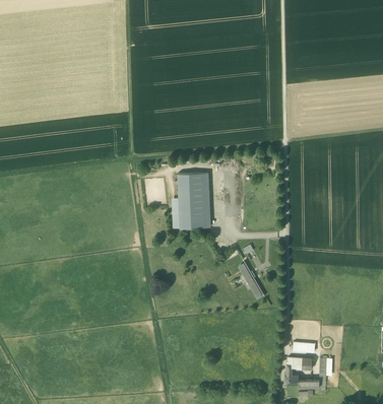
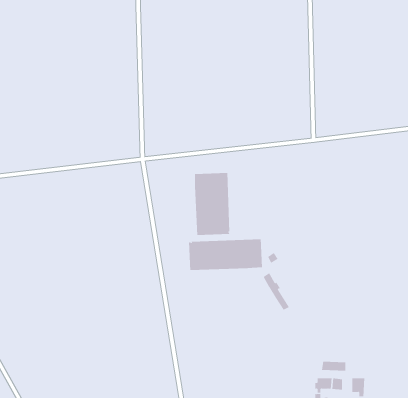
building: none -> [189,239,263,271]

